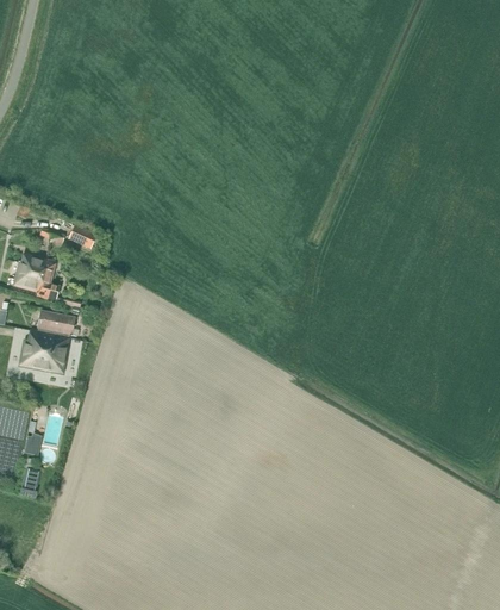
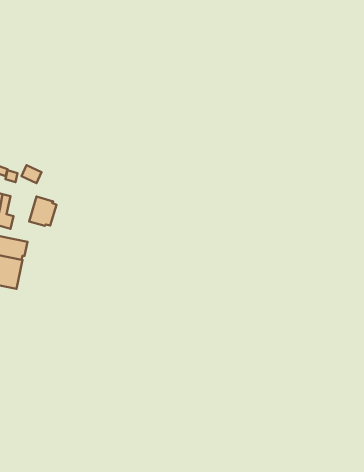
building: none -> [29,197,56,226]

